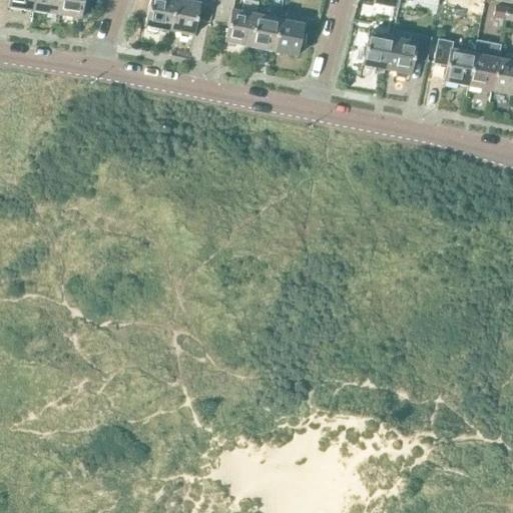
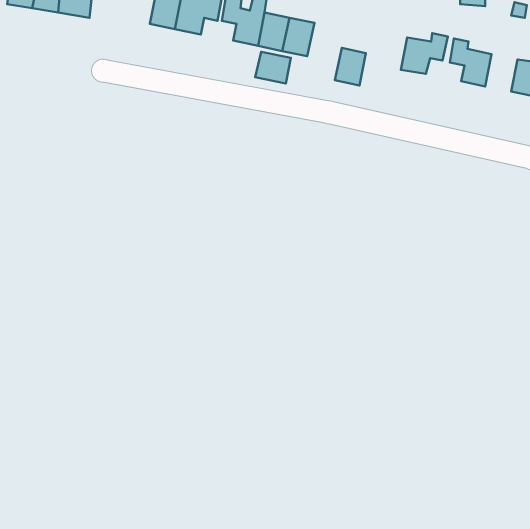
building: [364,31,394,67] -> [335,48,366,85]
building: [469,38,503,88] -> none
building: none -> [255,52,291,83]

